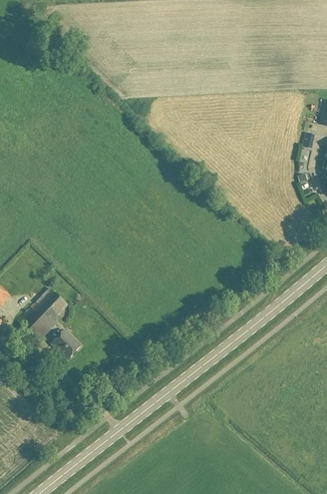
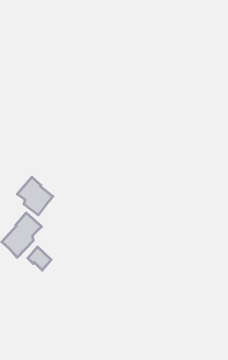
building: none -> [17,177,53,215]

